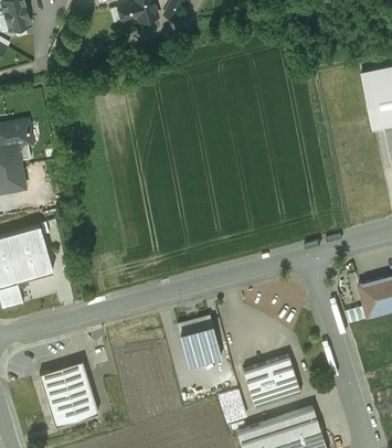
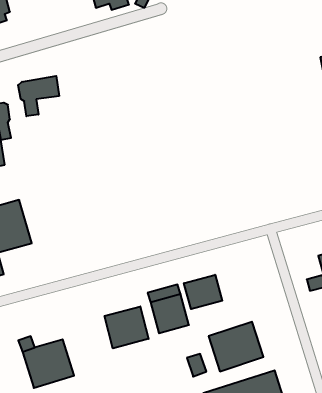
building: none -> [18,76,59,116]
building: none -> [184,275,222,309]
building: none -> [105,306,149,348]

